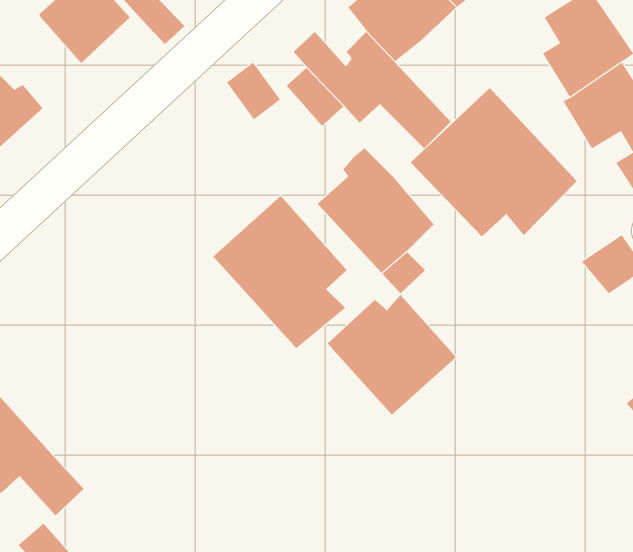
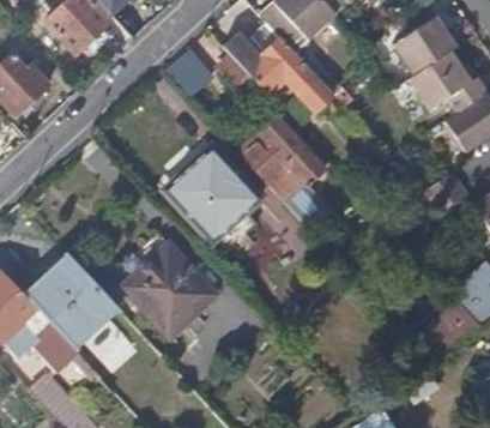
building: [410,87,578,237] -> none
building: [327,294,457,415] -> [122,249,213,334]
building: none -> [24,252,126,357]

